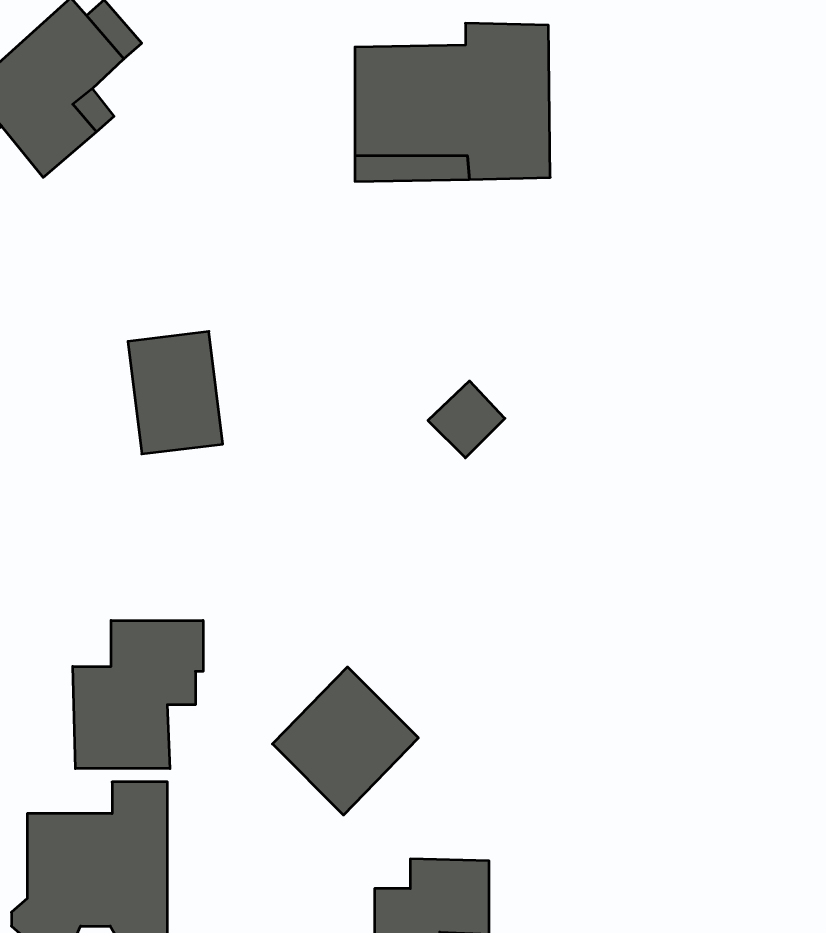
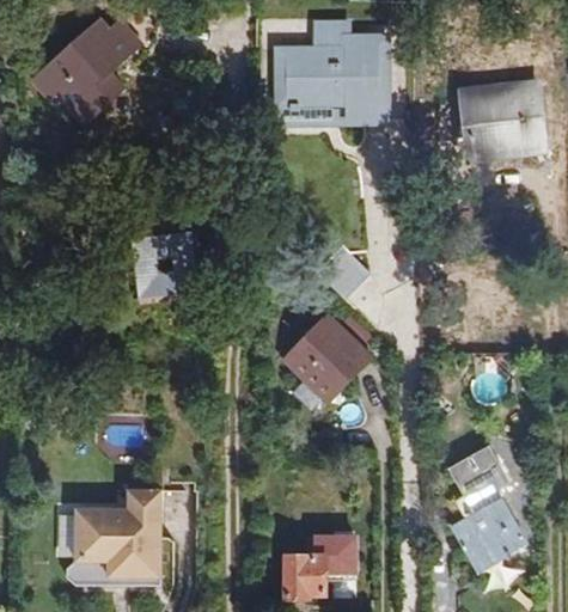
building: none -> [464,84,543,157]
building: [73,620,203,769] -> none
building: [272,667,418,815] -> [283,313,372,403]
building: none -> [450,448,525,571]

